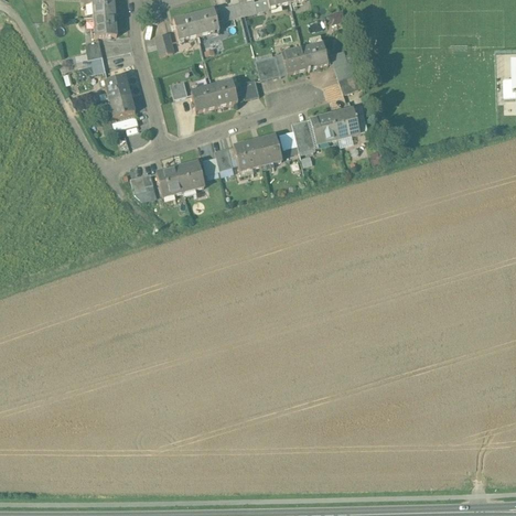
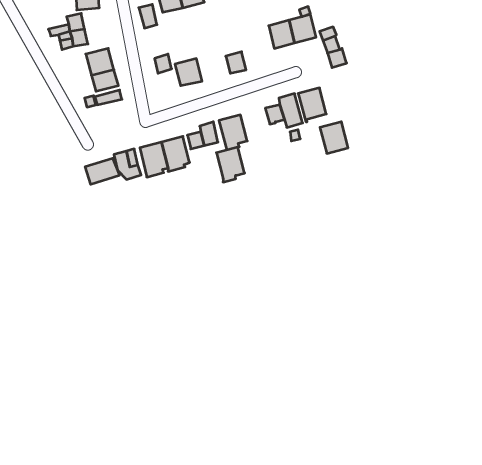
building: [256,54,282,78] -> none
building: [212,78,238,106] -> none
building: [332,107,359,138] -> [320,122,348,153]
building: [255,133,282,168] -> [216,147,245,182]
building: none -> [85,158,119,184]

